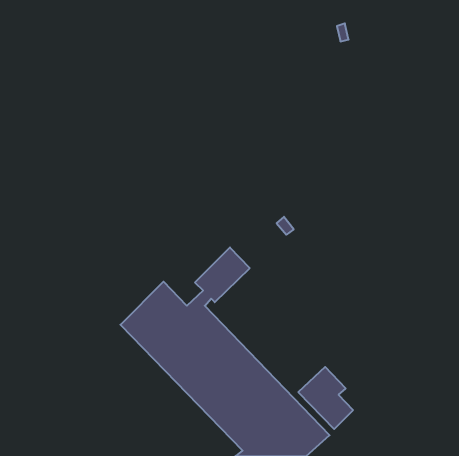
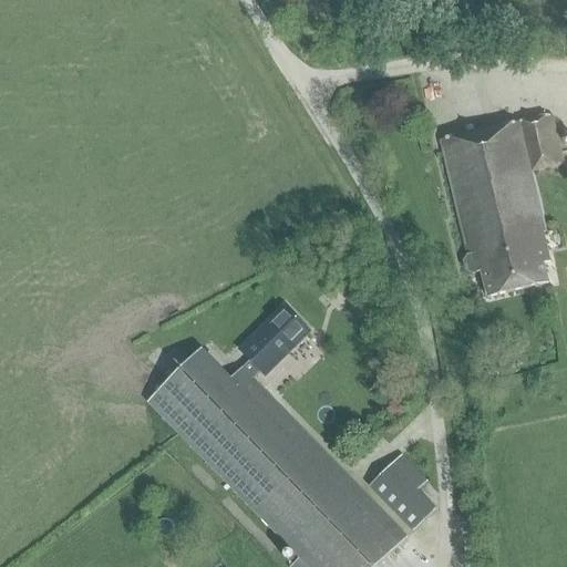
building: none -> [441,113,558,295]

